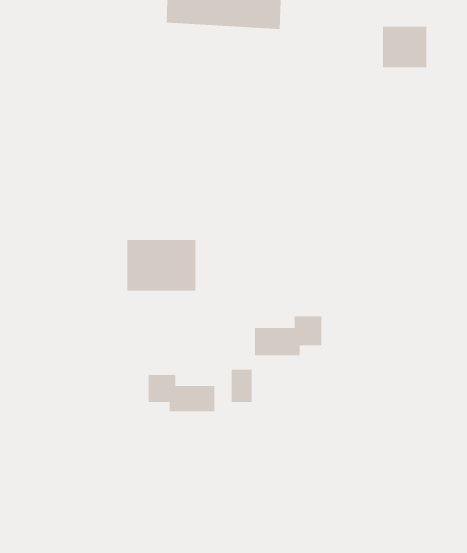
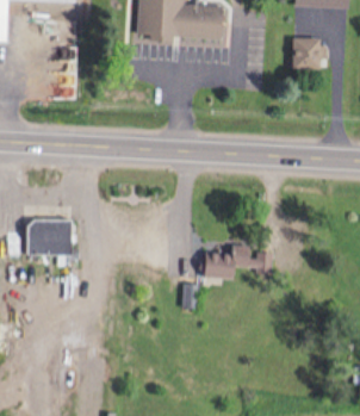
building: [126,240,196,291] -> [23,217,73,254]
building: [148,374,215,412] -> none

